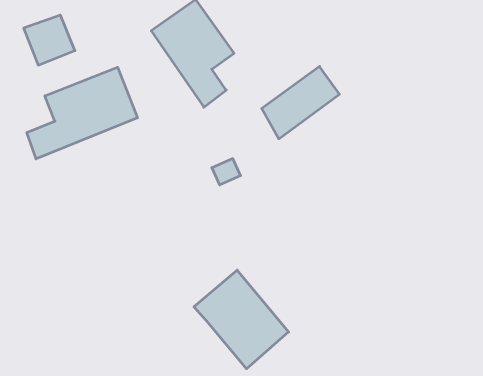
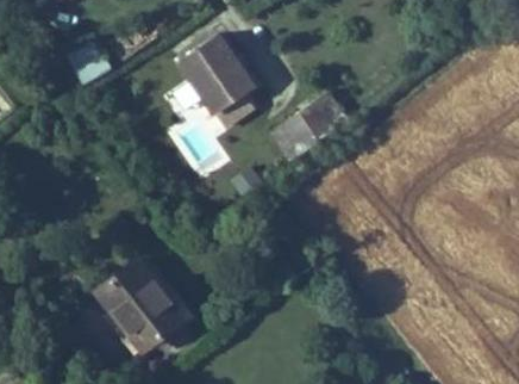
building: [27,67,137,159] -> none
building: [194,270,289,369] -> [94,267,180,357]

